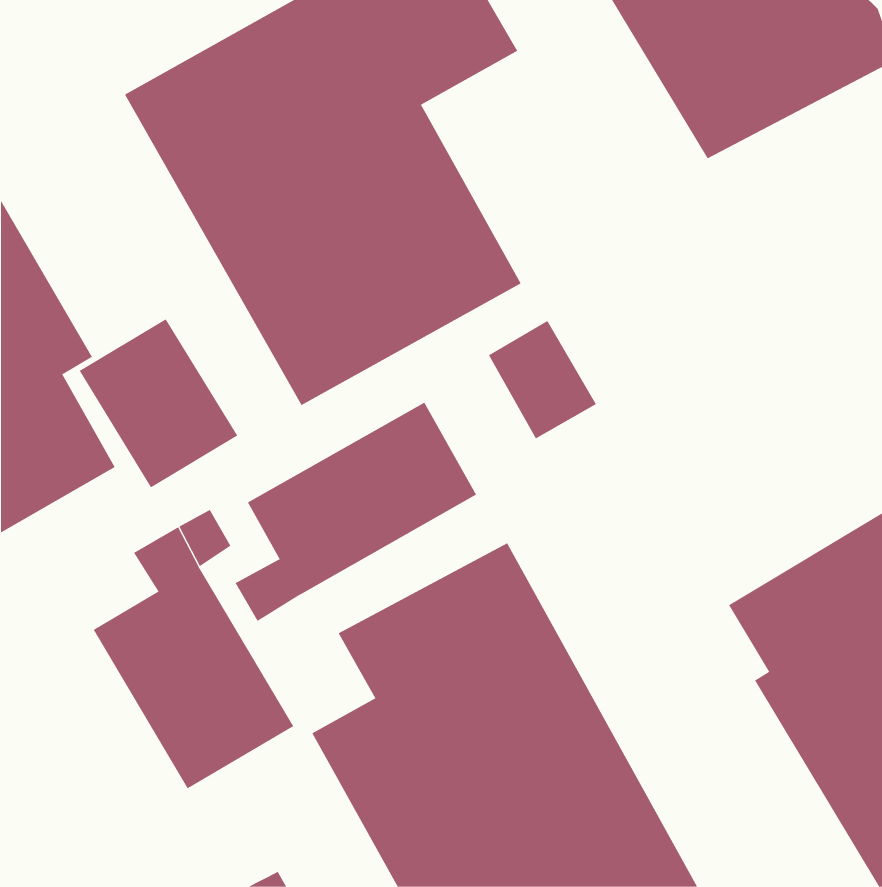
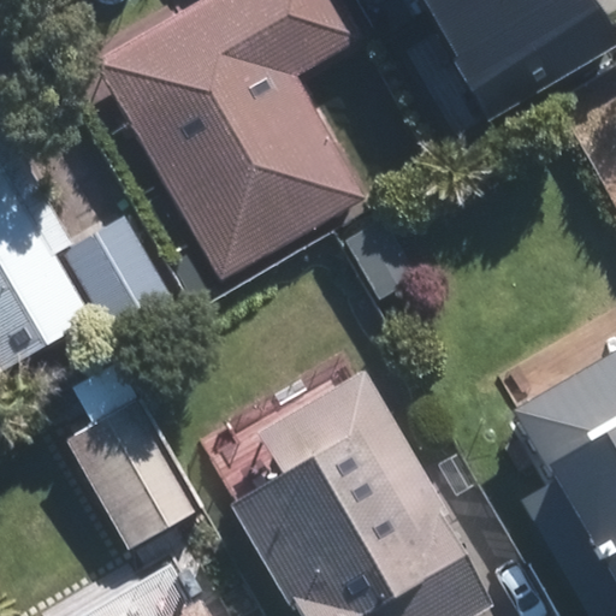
building: [235,402,477,622] -> none

